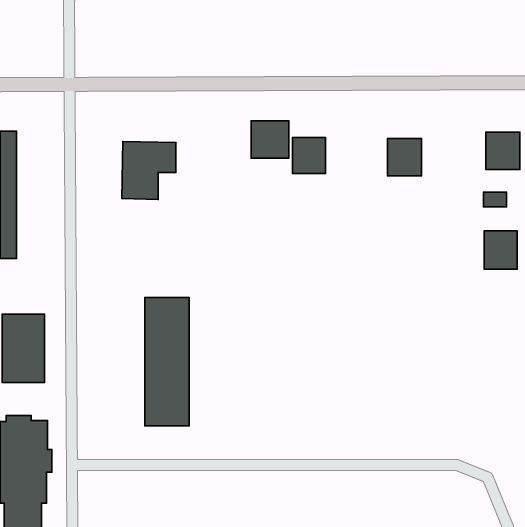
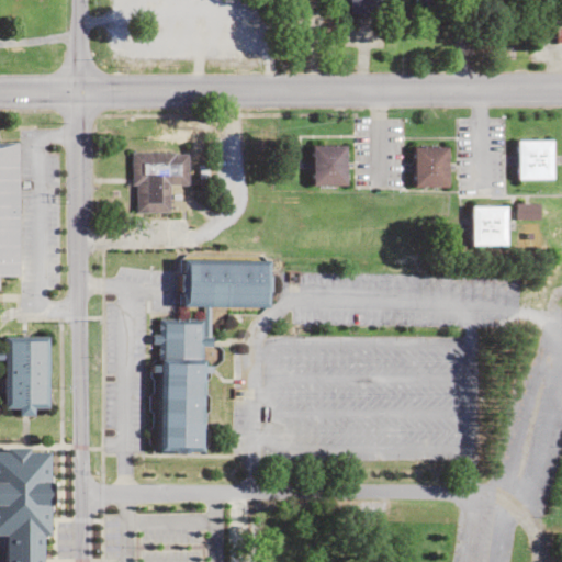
building: [251,121,289,158] -> none
building: [484,231,517,269] -> [474,207,509,248]
building: none -> [183,261,269,306]

